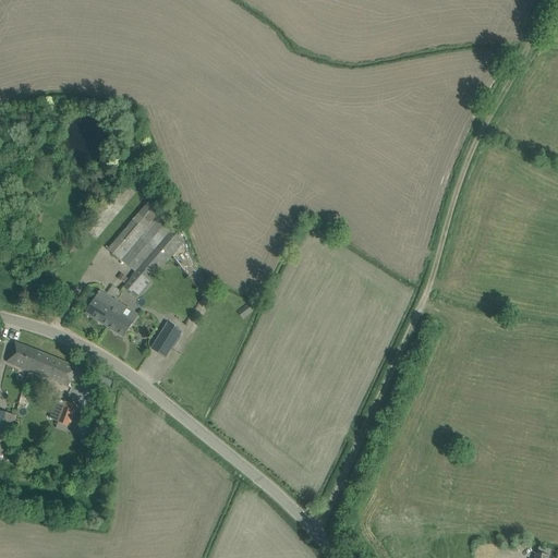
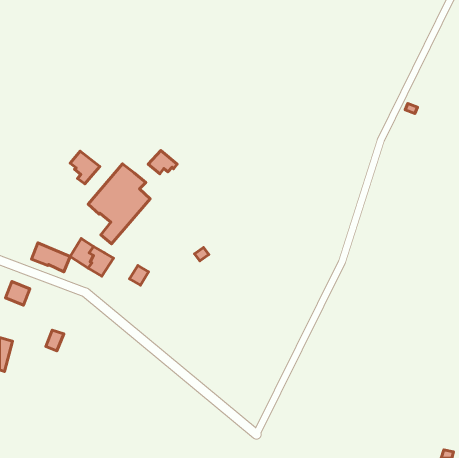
building: none -> [148,151,177,174]
building: none -> [70,151,100,184]
building: [28,350,75,385] -> [32,243,70,272]

